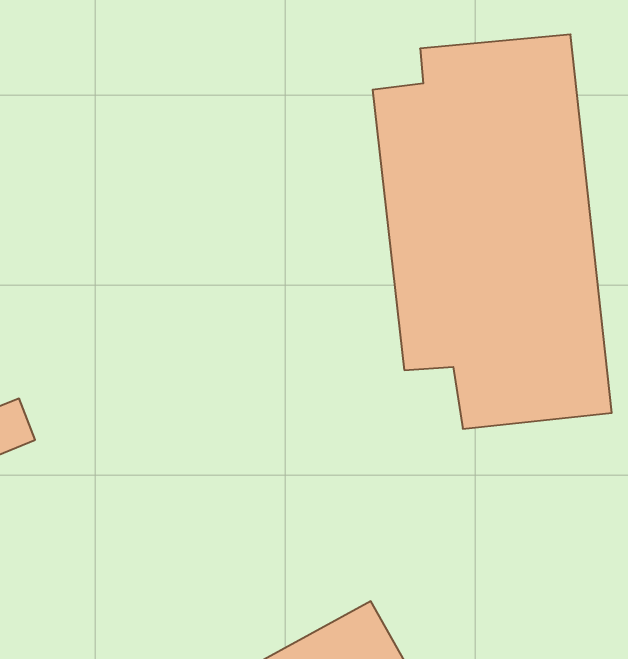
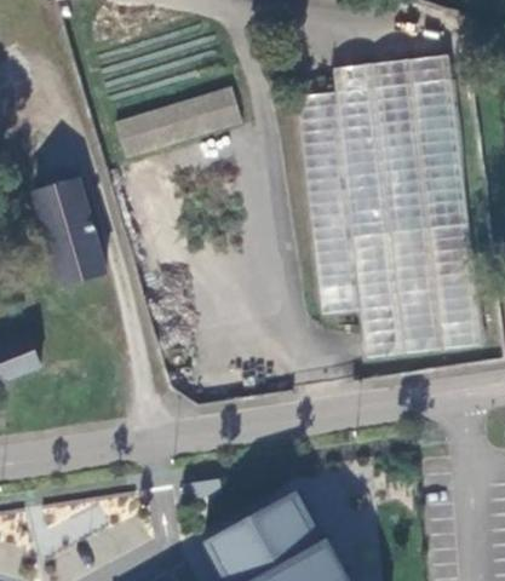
building: none -> [114,85,243,154]
building: none -> [34,180,107,288]

